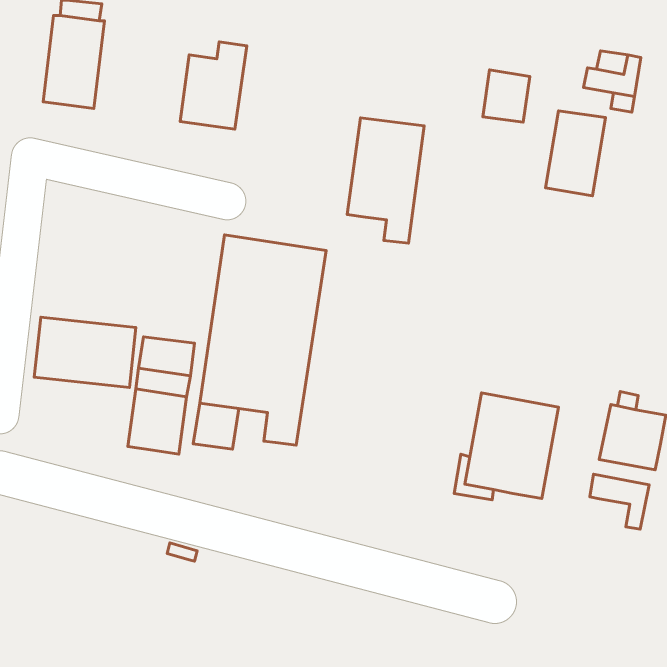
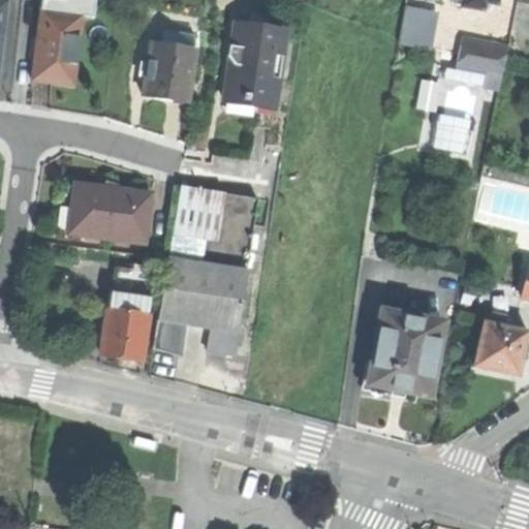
building: [483,70,530,122] -> [400,4,437,45]
building: [347,118,424,243] -> [225,22,286,121]
building: [34,317,136,388] -> [67,184,148,240]
building: [590,474,649,529] -> none

